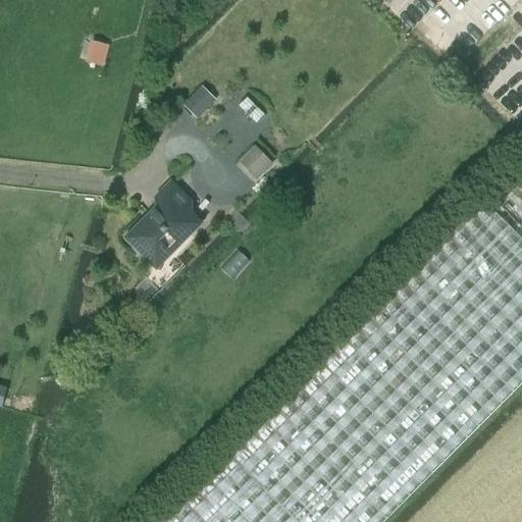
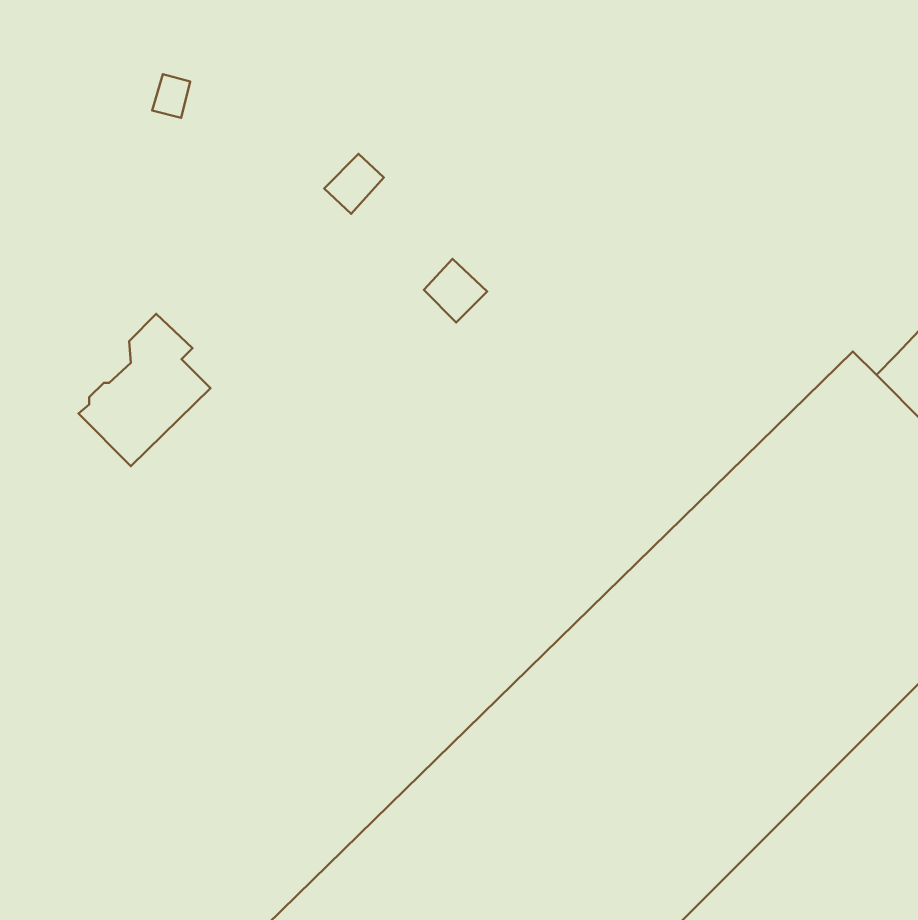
building: [130,186,205,271] -> [78,314,211,466]

